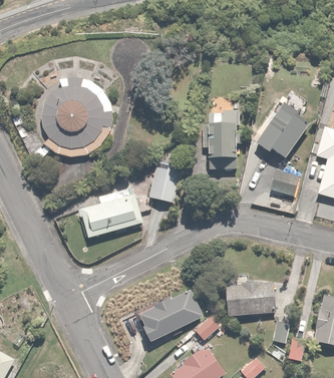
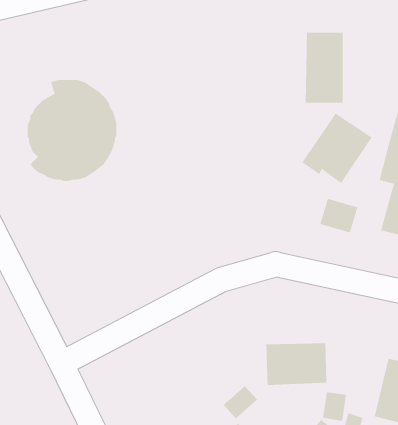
building: [209,113,239,168] -> [305,32,343,103]
building: [149,161,182,203] -> none
building: [81,191,143,240] -> none
building: [141,291,205,341] -> none

